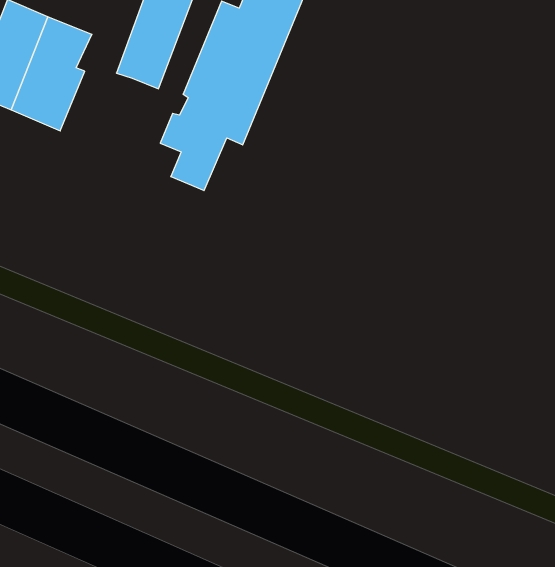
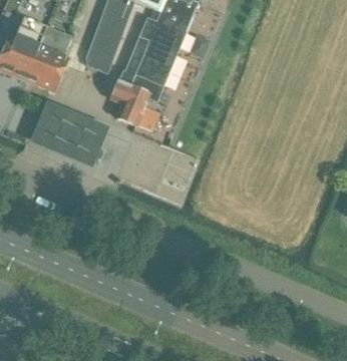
building: none -> [31,102,110,169]

